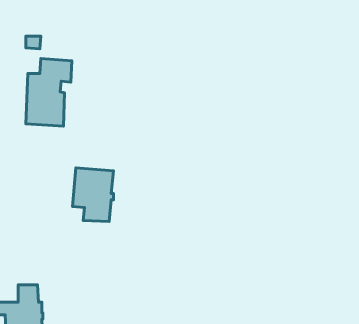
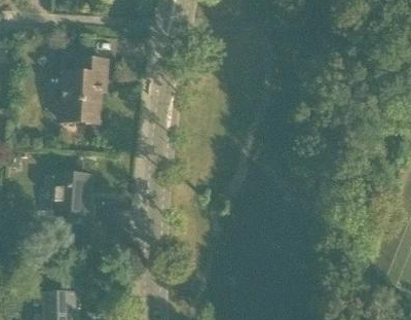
building: [73,168,113,221] -> [51,172,90,223]

